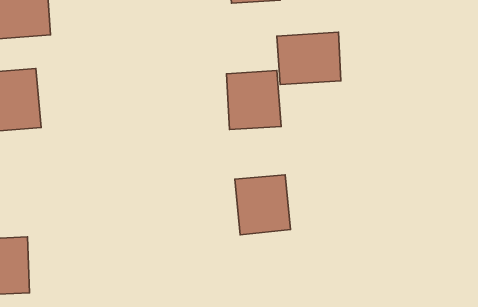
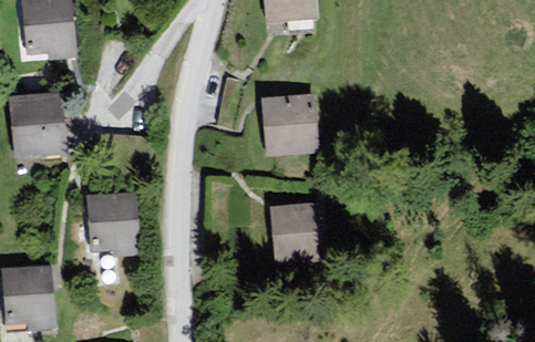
building: [277,32,341,84] -> none
building: none -> [88,193,140,255]

